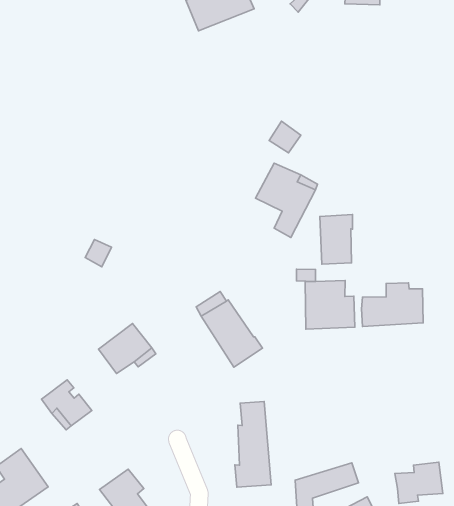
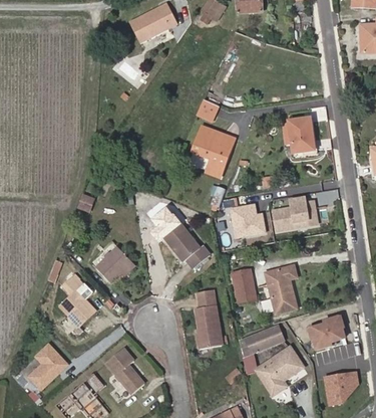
building: [320,214,353,264] -> [288,117,313,153]
building: none -> [229,267,257,303]
building: none -> [265,266,294,311]

